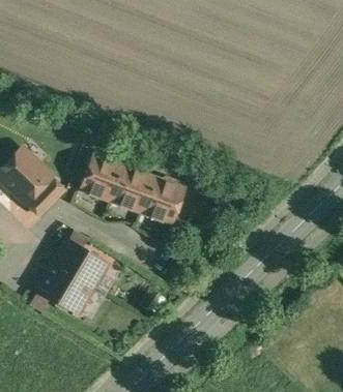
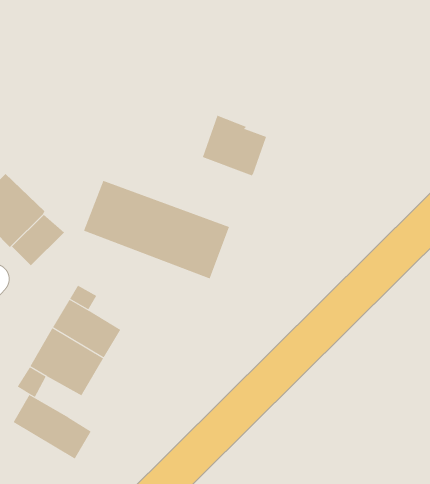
building: none -> [202,115,267,176]
building: none -> [13,394,92,460]

